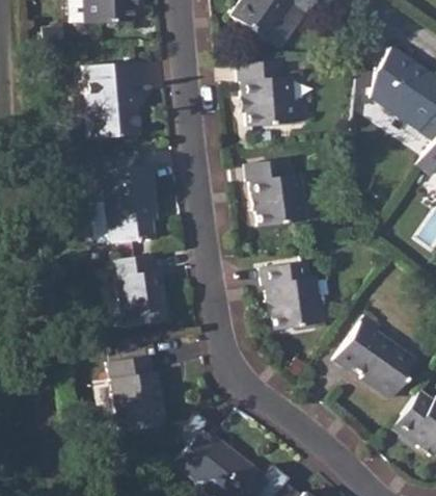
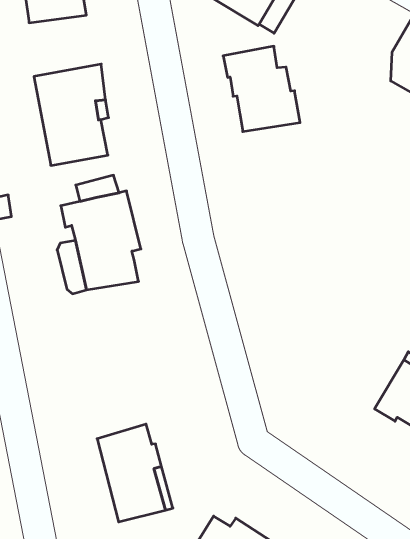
building: [245,158,304,226] -> none
building: [107,254,168,327] -> none
building: [262,261,322,330] -> none

